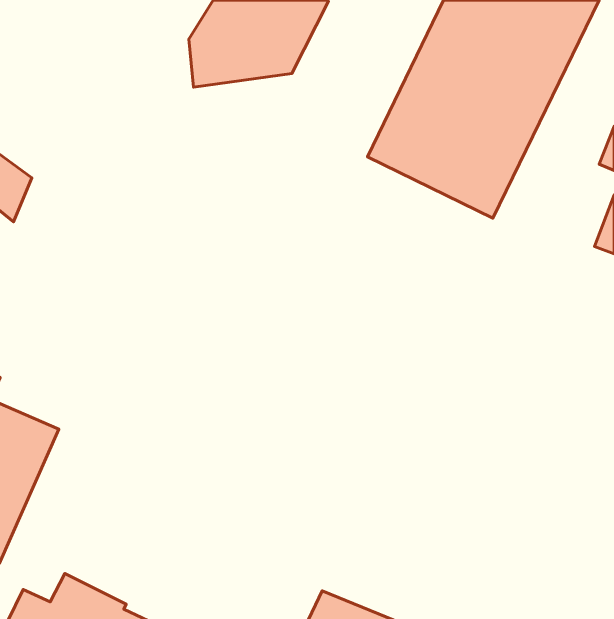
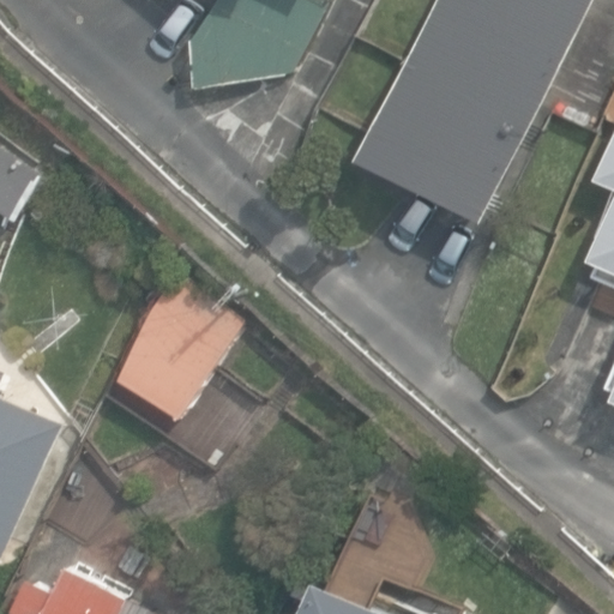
building: none -> [125,269,240,399]

